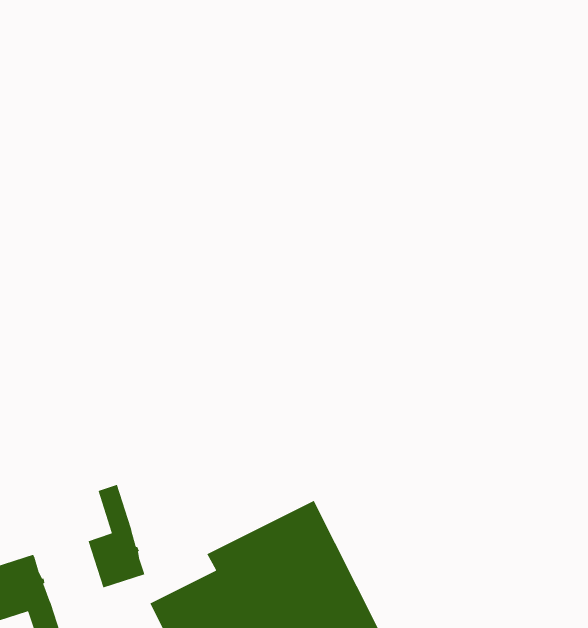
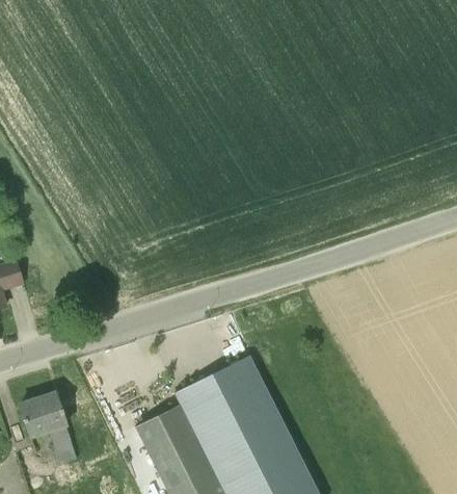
building: [87,484,145,589] -> none

